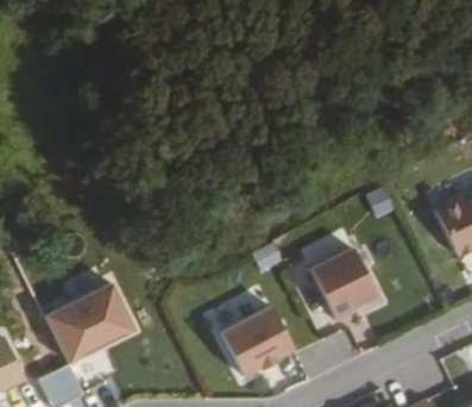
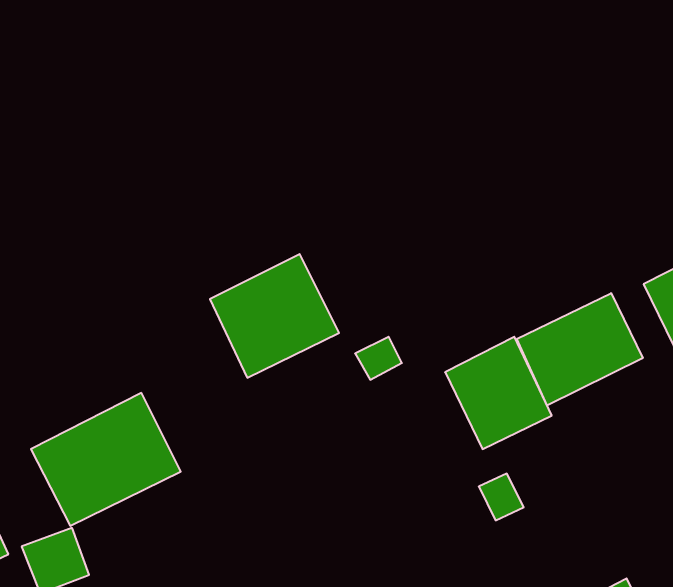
building: none -> [517,293,643,406]
building: [212,302,294,381] -> [210,254,339,378]

